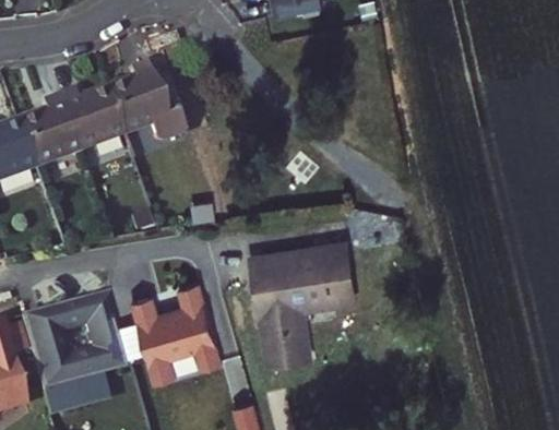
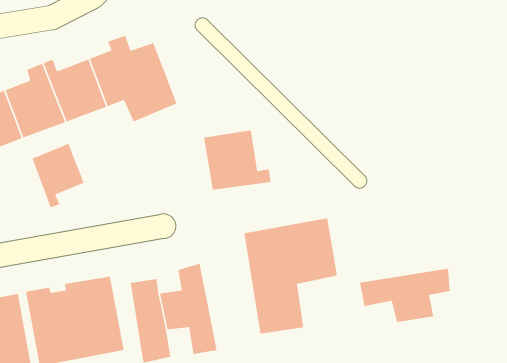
building: none -> [203,130,272,190]
building: none -> [31,143,85,208]
building: none -> [359,268,451,323]

